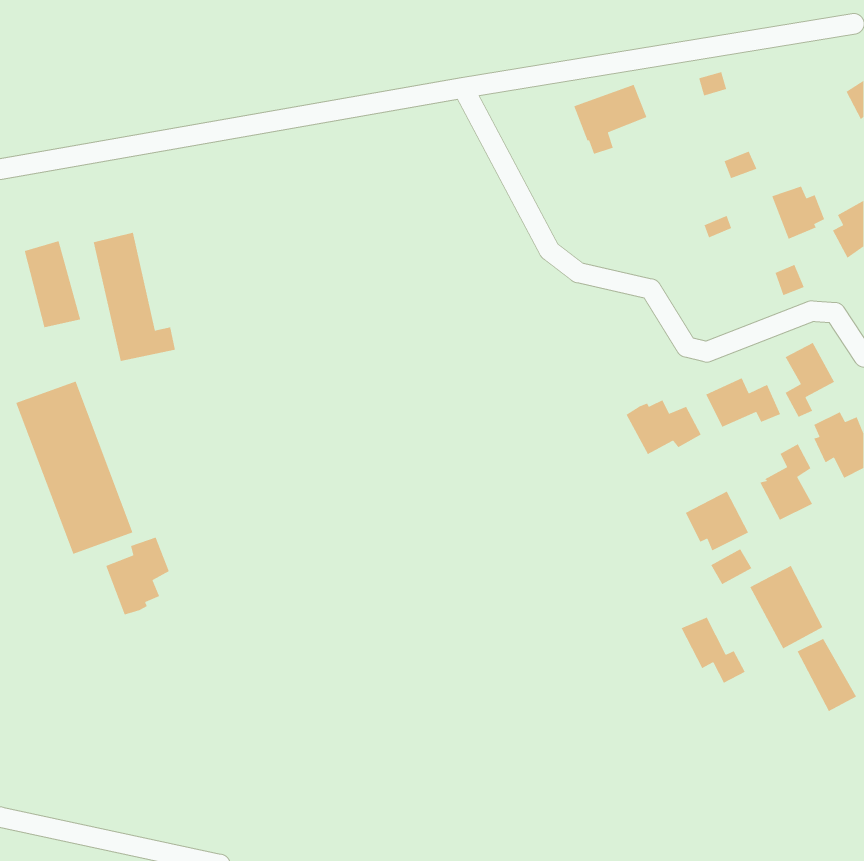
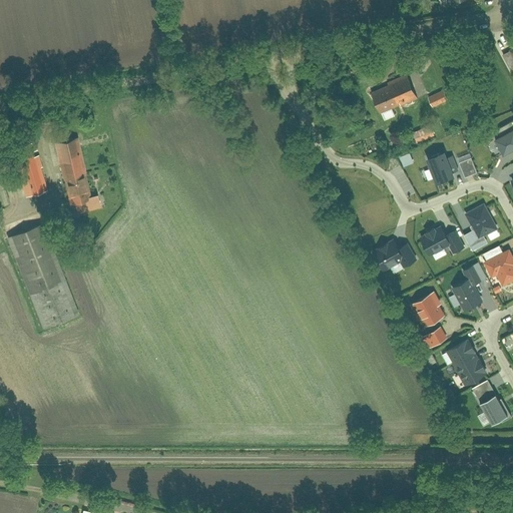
building: [573,84,648,155] -> [372,80,416,122]
building: [771,186,825,240] -> [425,150,457,182]
building: [105,536,170,616] -> none
building: [681,616,746,684] -> none

